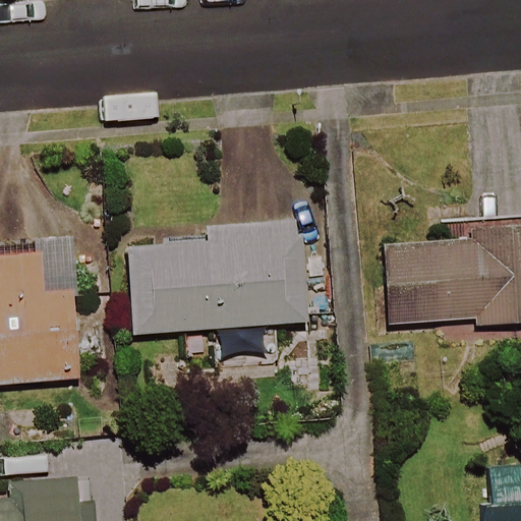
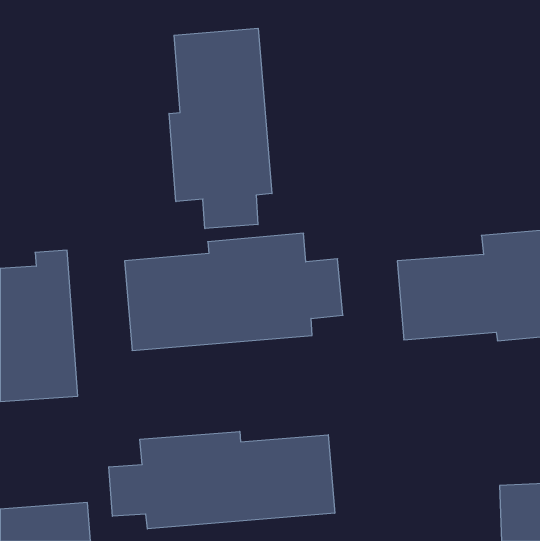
building: none -> [169,28,272,229]
building: none -> [109,431,335,529]

